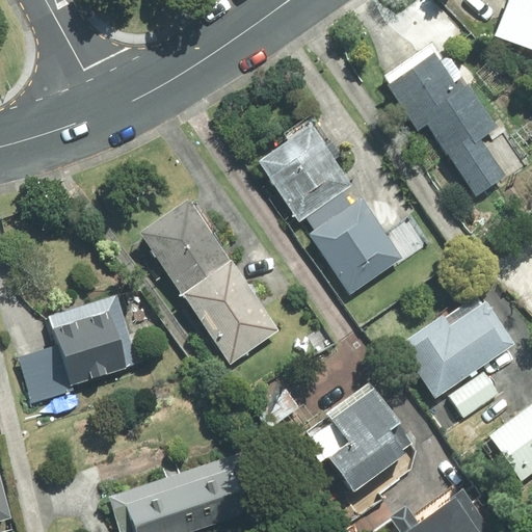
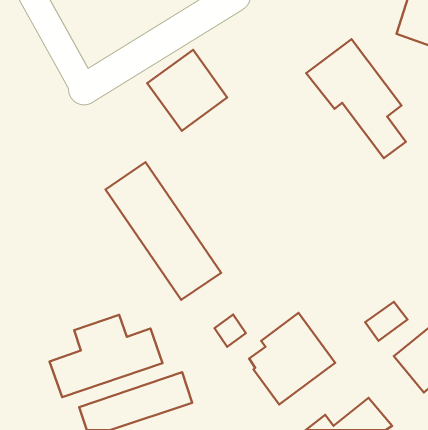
building: [256,122,353,220] -> [147,50,227,131]
building: [313,200,408,296] -> none
building: [18,299,156,400] -> [49,315,163,397]
building: [401,300,514,397] -> none

